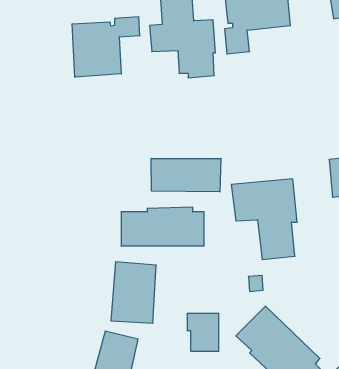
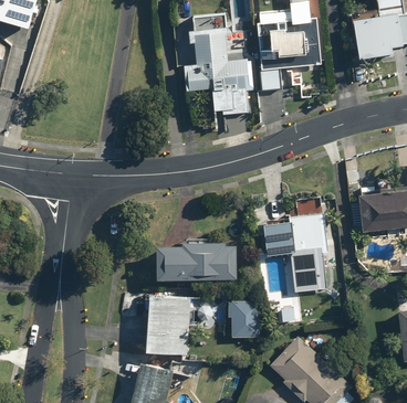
building: [72,17,140,77] -> none
building: [151,158,221,192] -> none
building: [187,314,219,351] -> [227,300,258,337]

